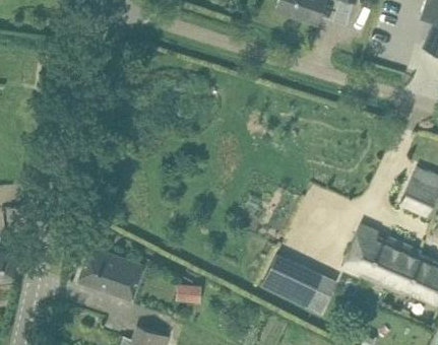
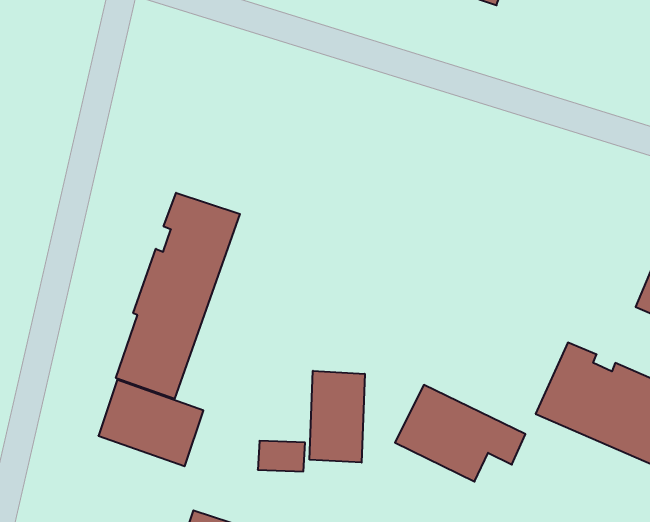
building: none -> [116,193,240,399]
building: none -> [310,371,365,463]

